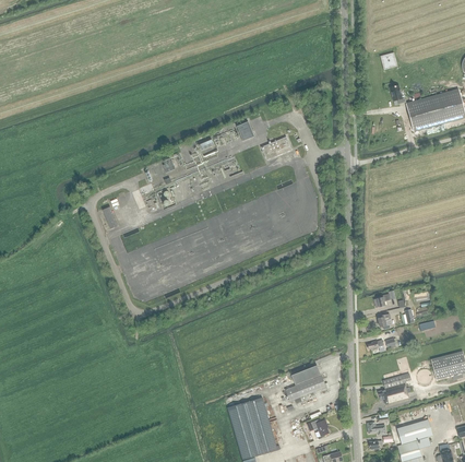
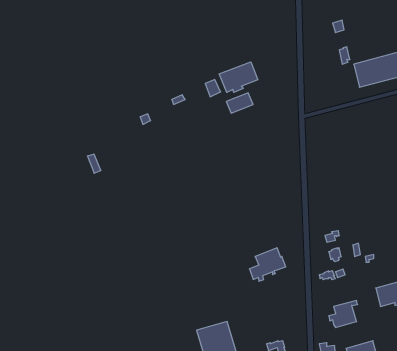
building: none -> [219,62,258,92]
building: [285,364,326,402] -> [249,248,286,281]

